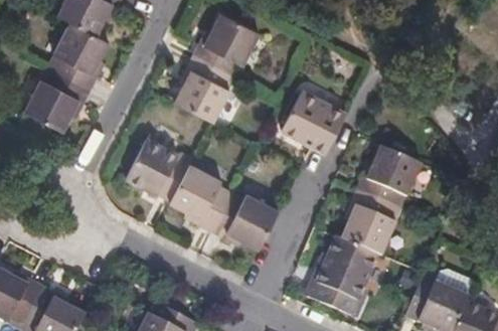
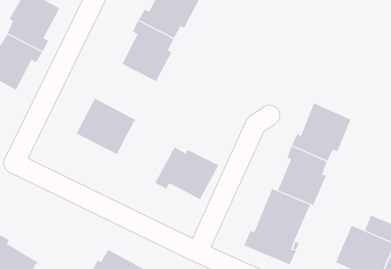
building: [281,91,346,154] -> none
building: [169,164,231,230] -> none

